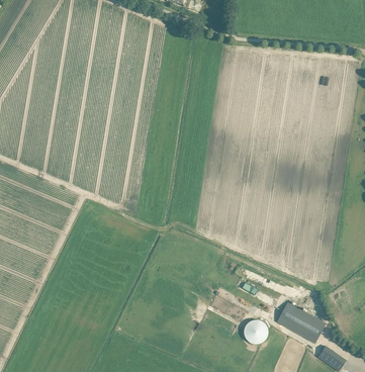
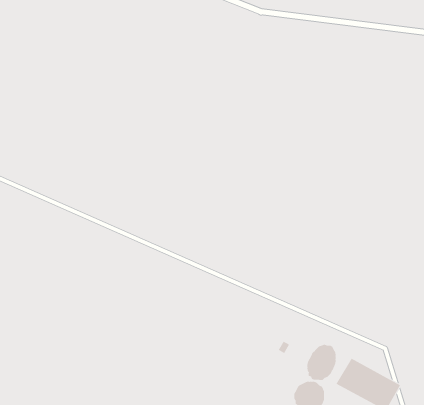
building: none -> [307,344,336,381]

